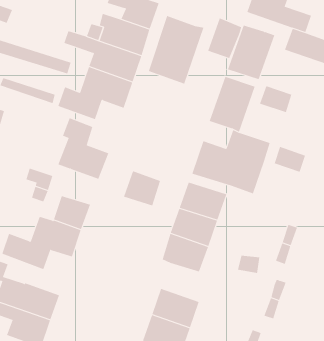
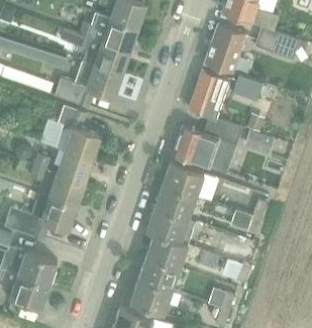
building: [148,15,204,85] -> none
building: [207,18,242,59] -> none
building: [123,171,161,206] -> [58,150,91,182]
building: none -> [145,233,188,267]

